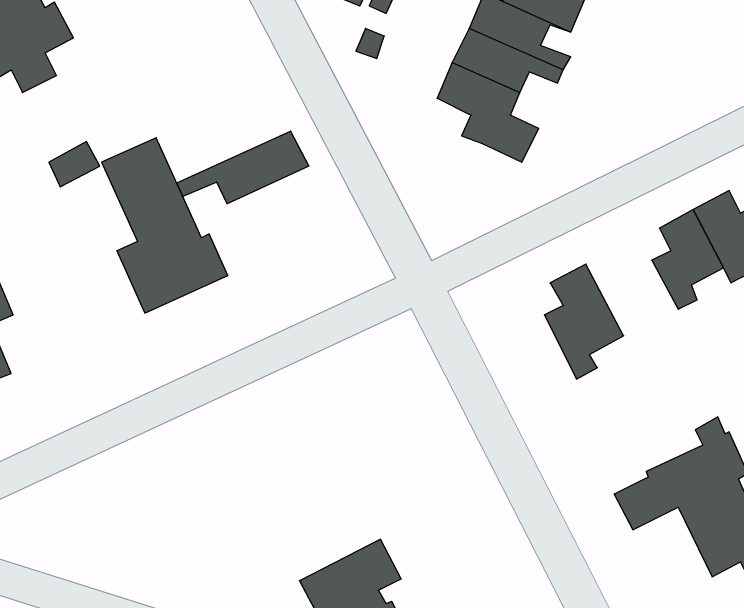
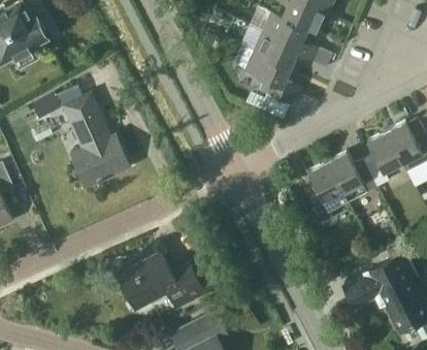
building: [177,131,309,204] -> none
building: none -> [327,152,377,200]
building: none -> [118,253,218,309]

